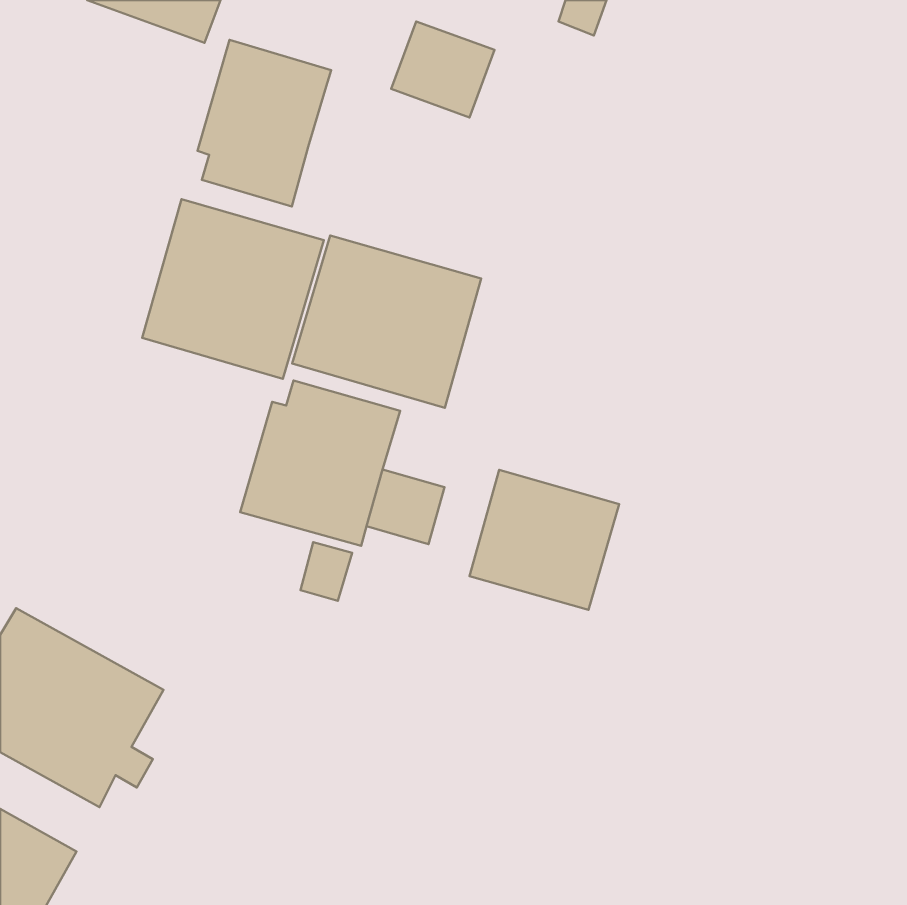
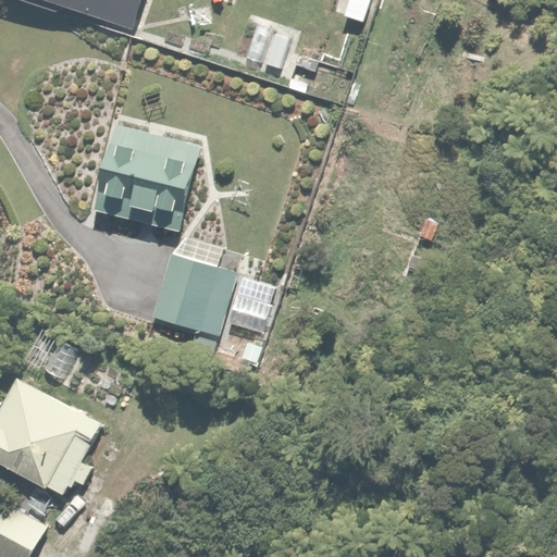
building: [197,40,331,206] -> none
building: [292,235,481,408] -> none
building: [470,470,619,610] -> none

